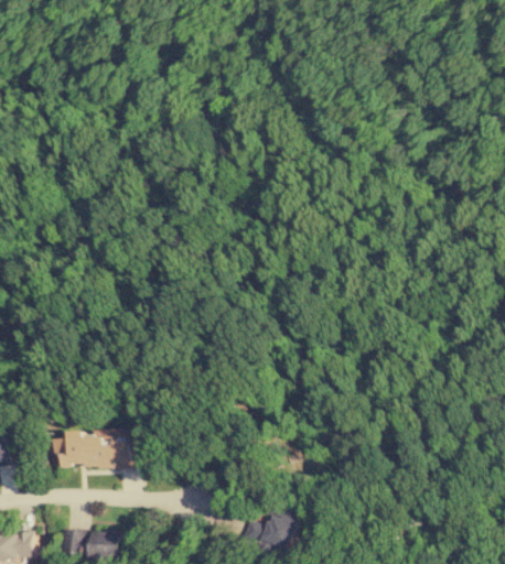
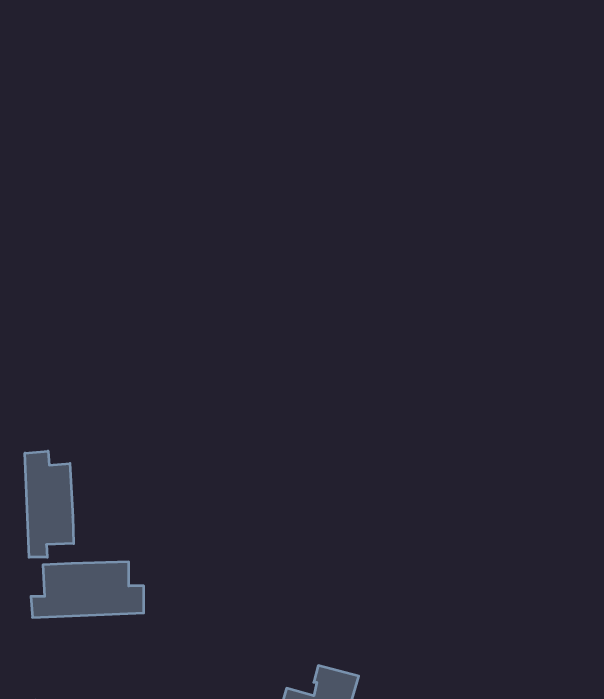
building: none -> [25,451,74,557]

